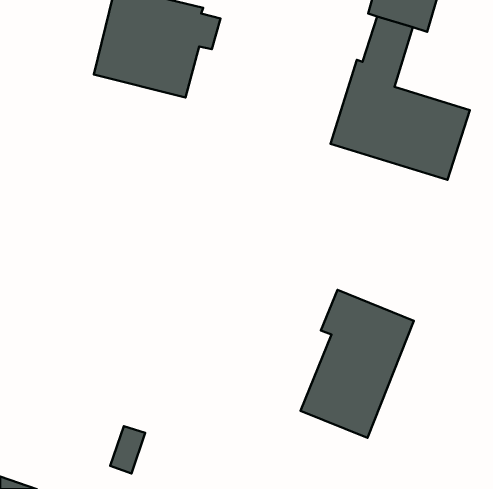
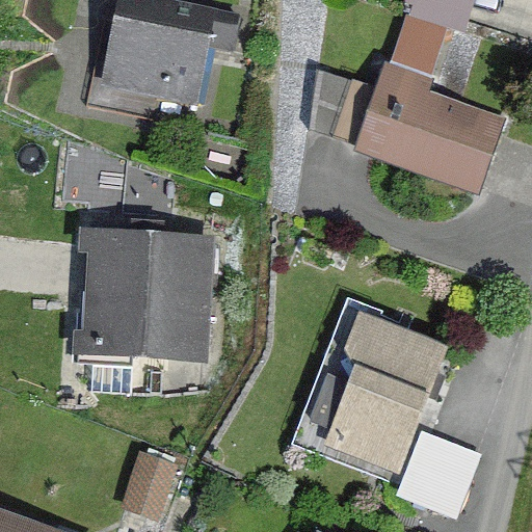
building: none -> [54,227,214,361]
building: none -> [400,419,486,509]

